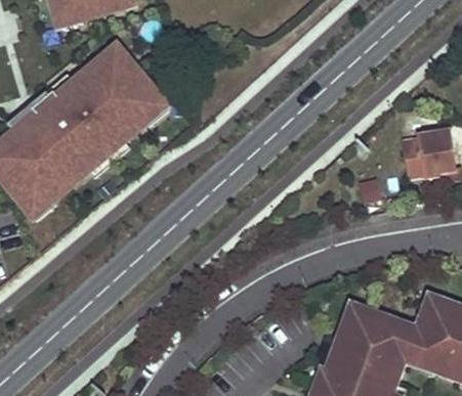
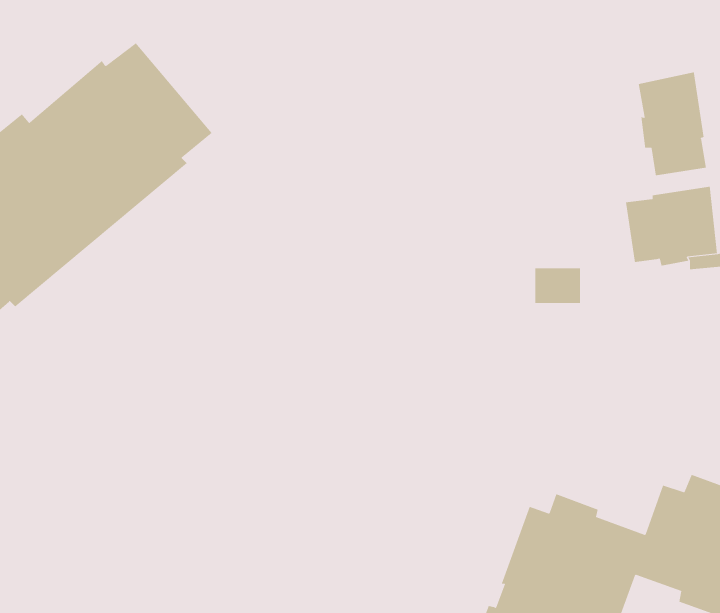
building: none -> [638,72,706,176]

